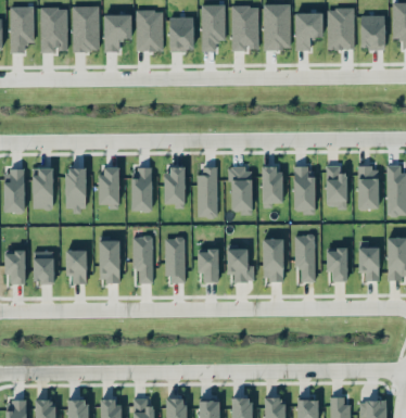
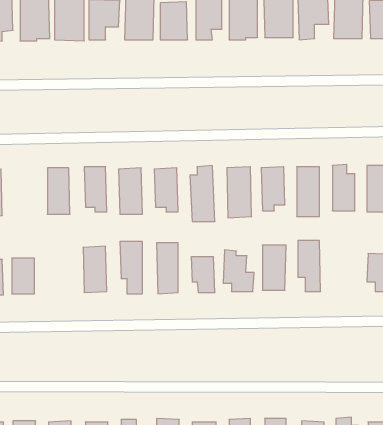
building: [31,168,52,208] -> none
building: [326,249,346,281] -> none
building: [65,250,86,284] -> none

